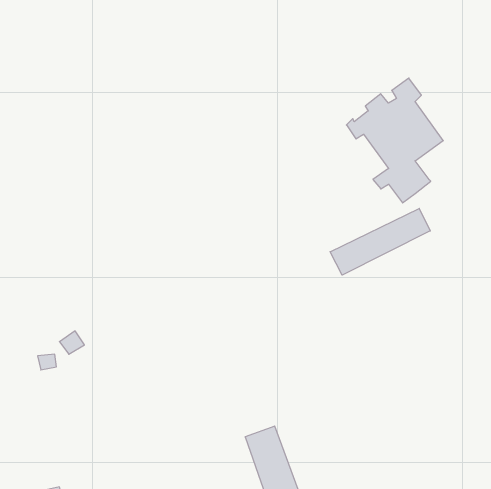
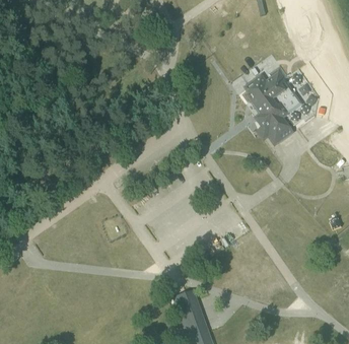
building: [330,208,430,275] -> none

